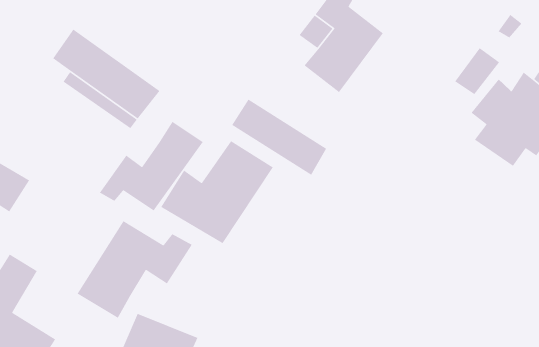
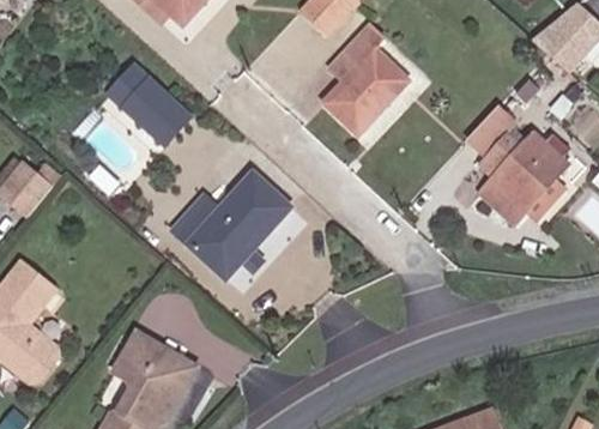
building: [231,98,327,176] -> none
building: [99,121,204,212] -> none
building: [76,220,193,319] -> none

